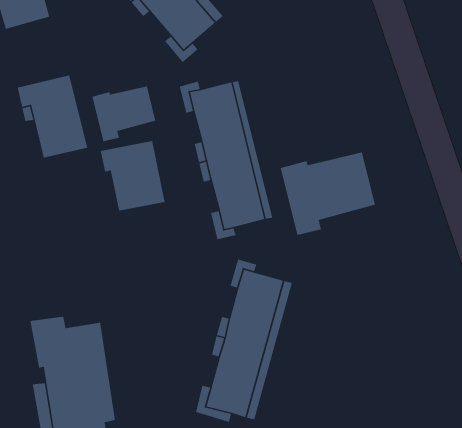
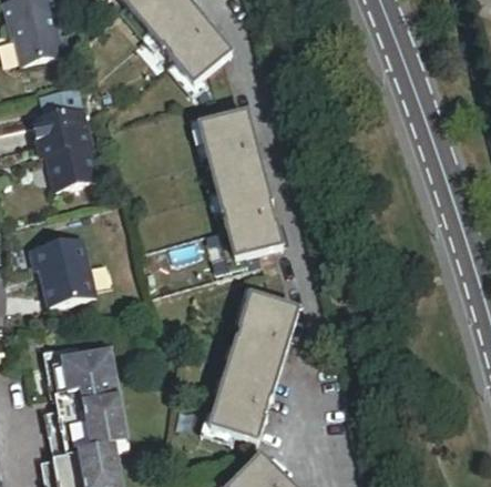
building: [91,85,156,142] -> none
building: [100,140,166,212] -> [35,233,99,302]
building: [280,152,376,236] -> none

